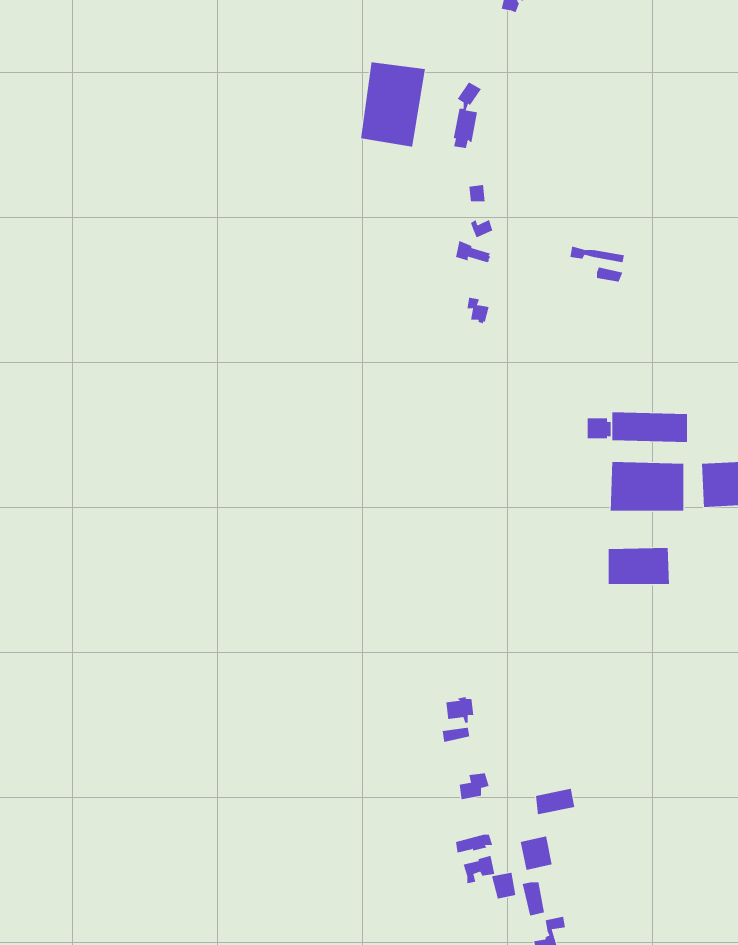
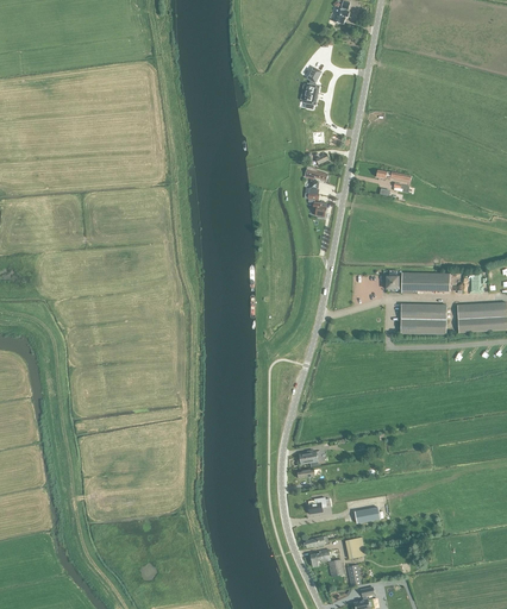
building: [360,62,426,148] -> none
building: [608,547,670,585] -> none

